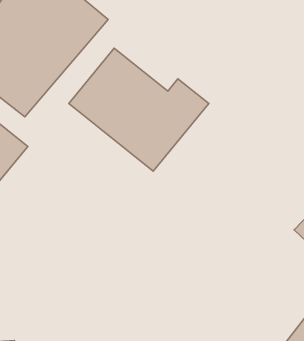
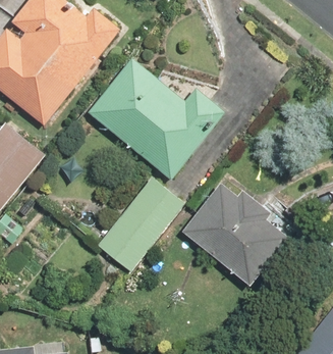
building: none -> [97,175,186,272]
building: none -> [180,182,292,286]

